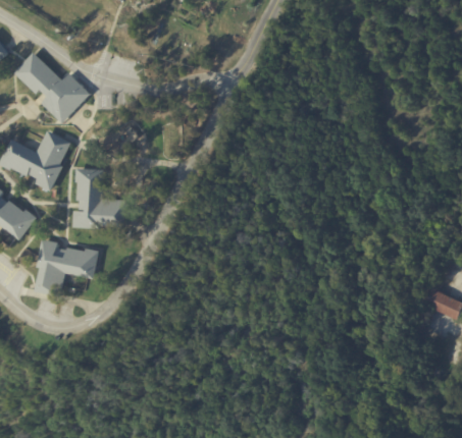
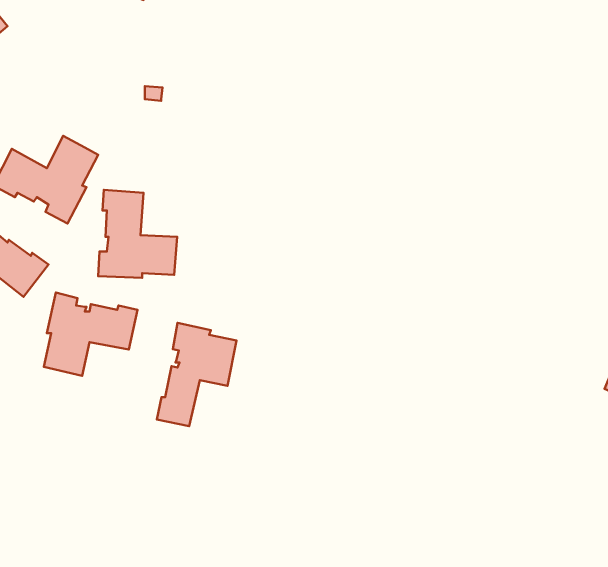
building: [14,51,91,123] -> none
building: none -> [157,323,237,426]

